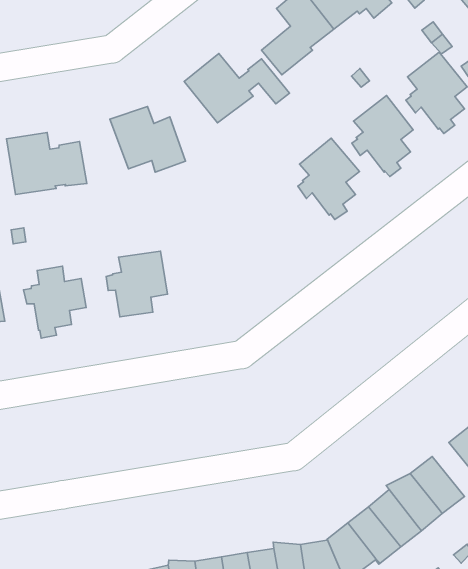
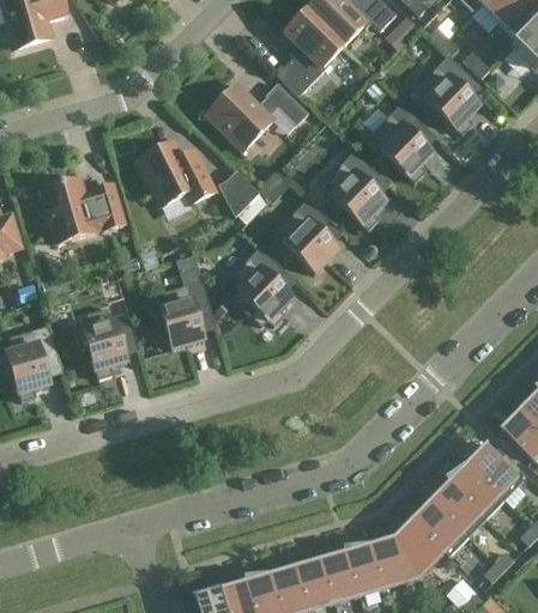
building: none -> [218,172,255,213]
building: none -> [278,196,337,272]
building: none -> [231,244,289,323]

